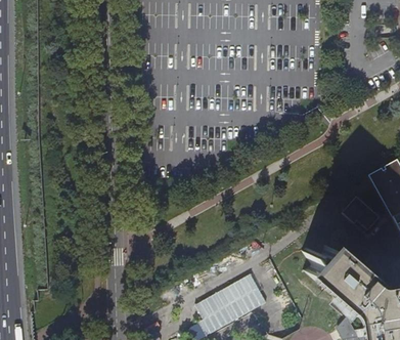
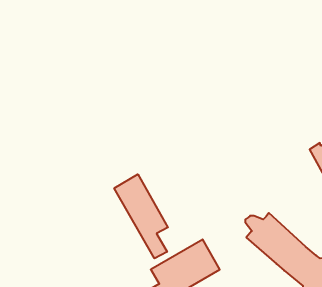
building: none -> [114,174,168,258]

